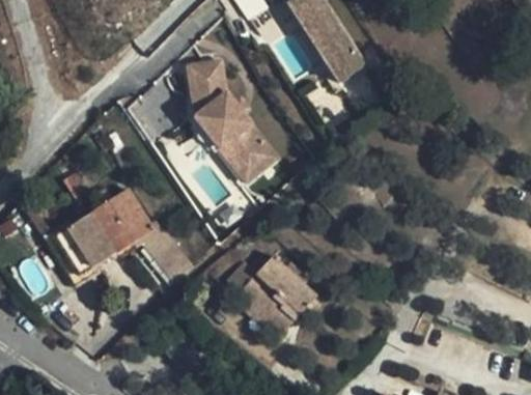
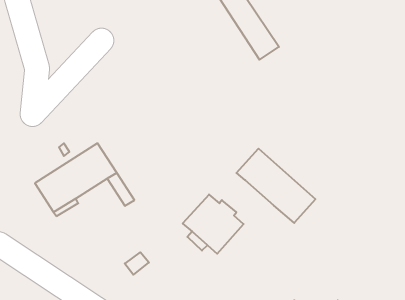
building: [189,60,282,187] -> none
building: none -> [236,149,315,223]

